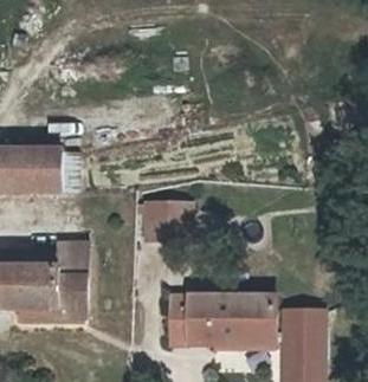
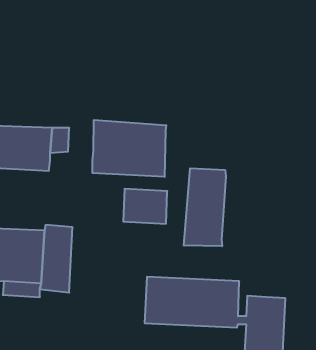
building: none -> [92,120,166,177]
building: none -> [184,168,226,246]

